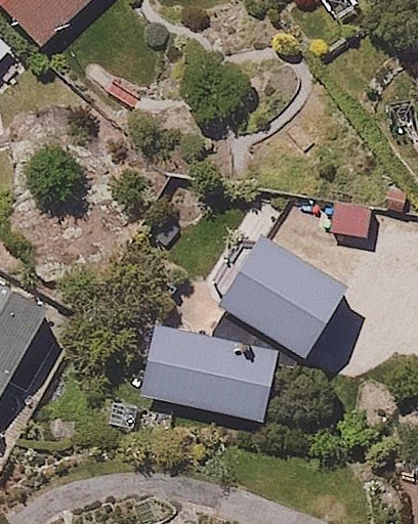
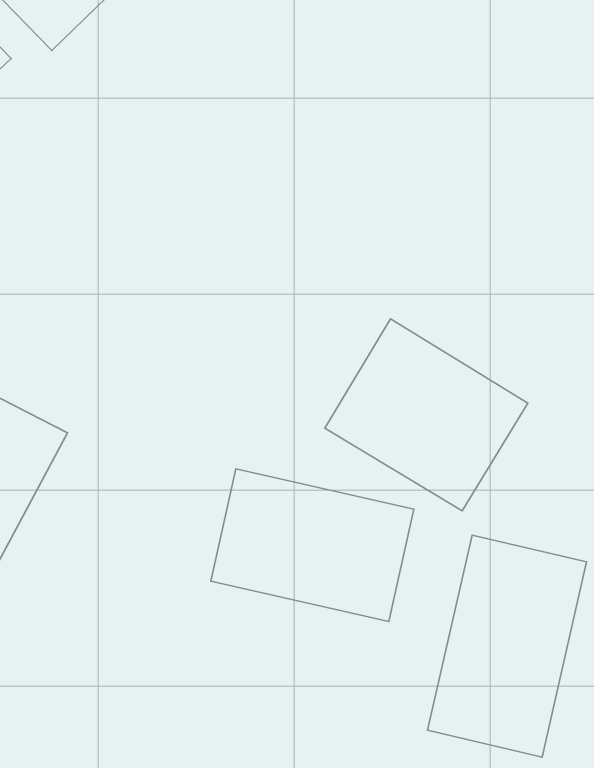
building: none -> [428,535,587,757]

